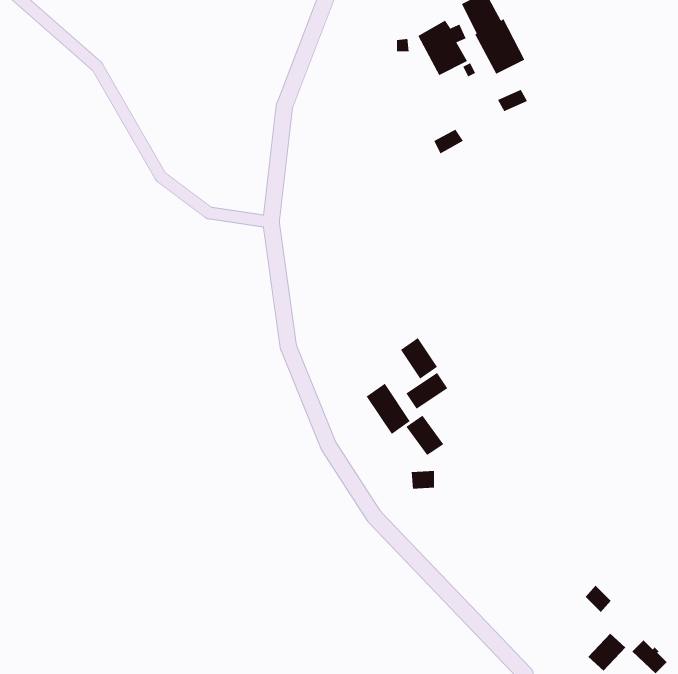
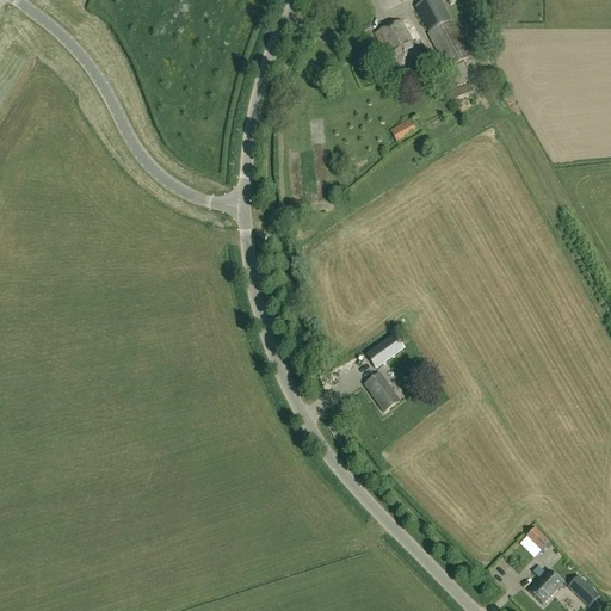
building: [400,337,438,380] -> none
building: [366,383,411,435] -> none

